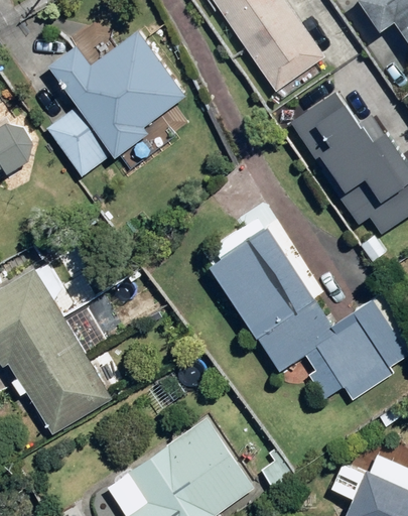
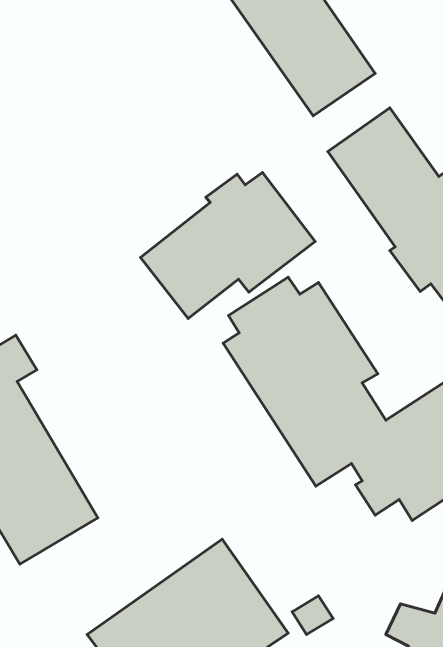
building: [44,29,189,175] -> none
building: none -> [141,172,315,319]

